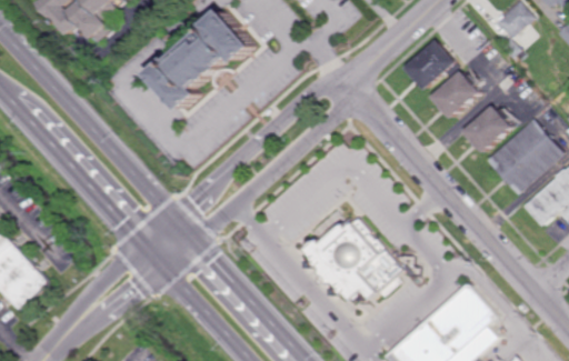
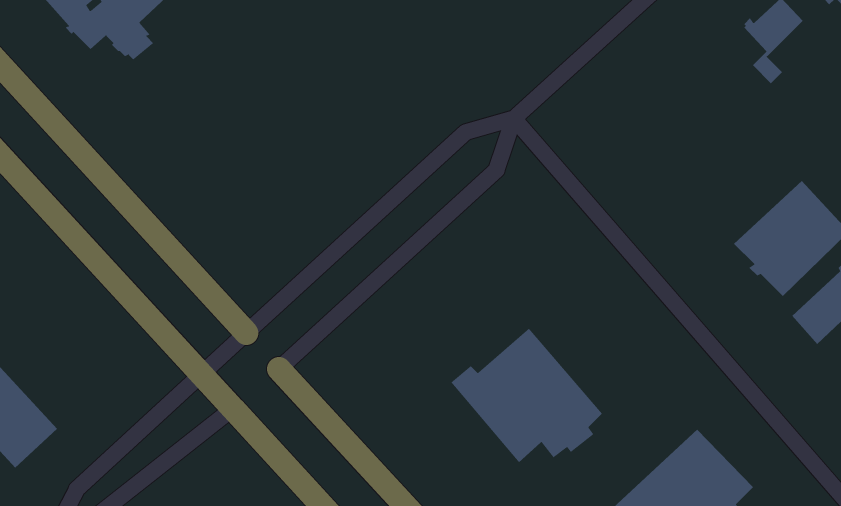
building: [150,11,250,109] -> none
building: [402,41,453,91] -> none
building: [430,72,478,120] -> none
building: [461,107,510,154] -> none

